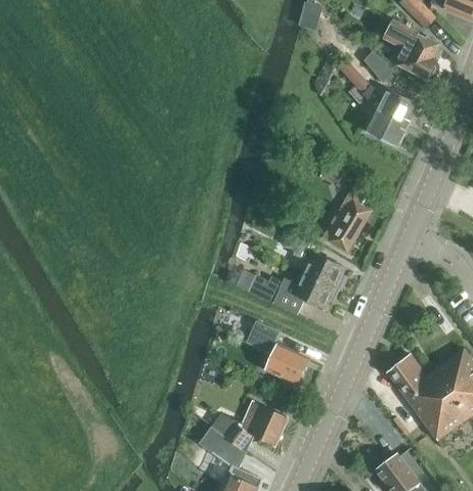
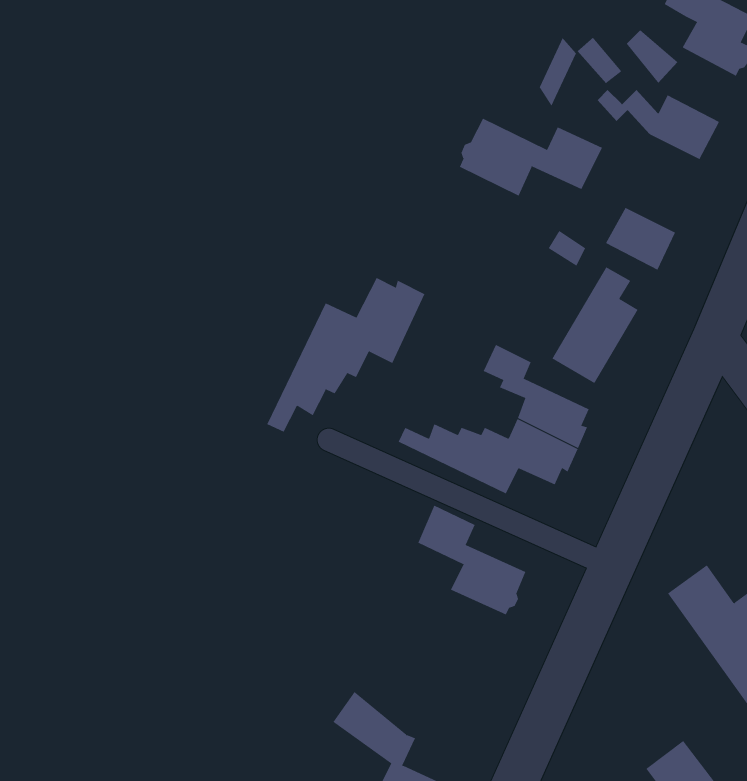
building: none -> [459,118,603,197]
building: [367,111,406,147] -> [605,207,676,270]
building: none -> [267,277,425,433]
building: [211,402,288,453] -> none

